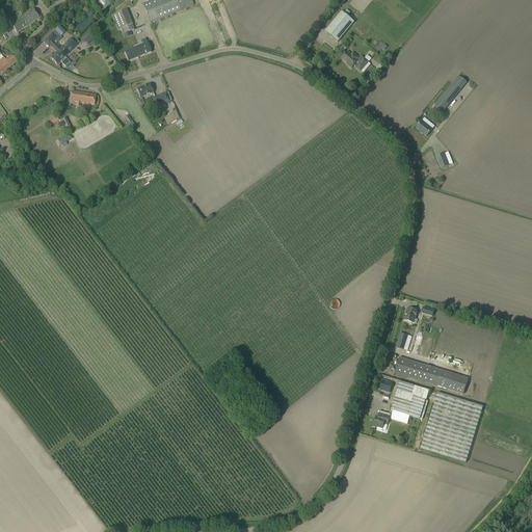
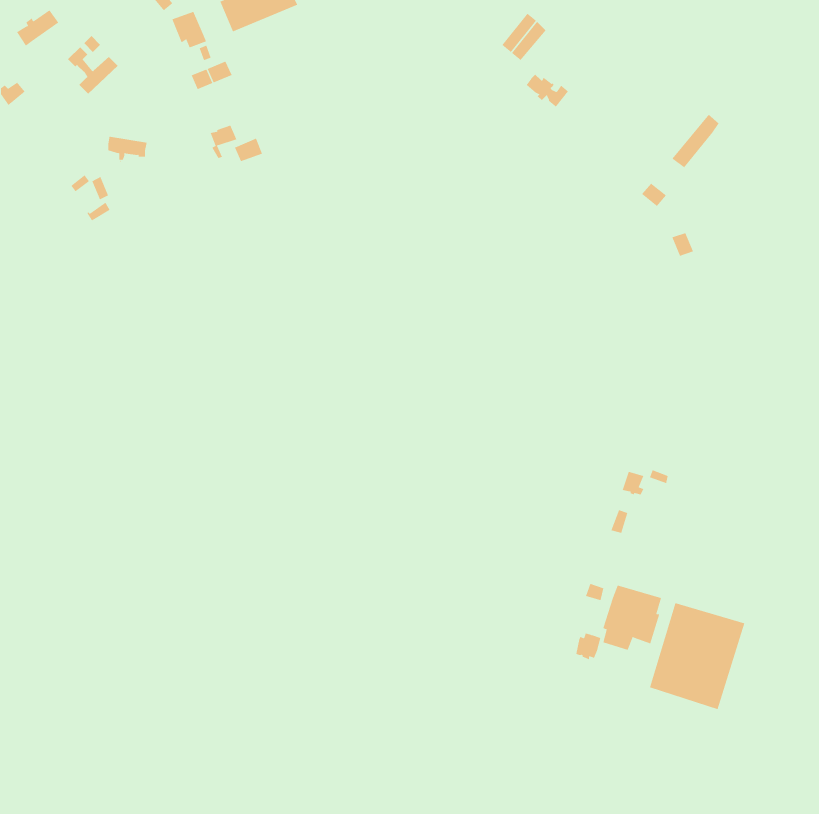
building: [395,355,468,391] -> none

